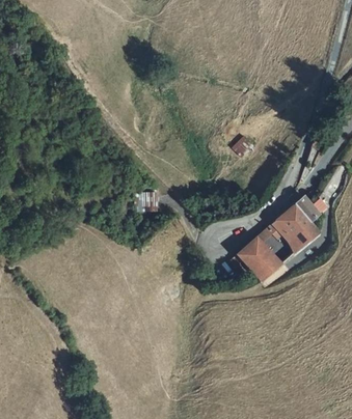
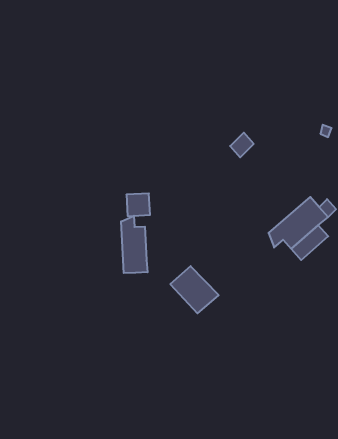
building: none -> [121,216,148,273]
building: [238,238,282,281] -> [170,266,219,313]

